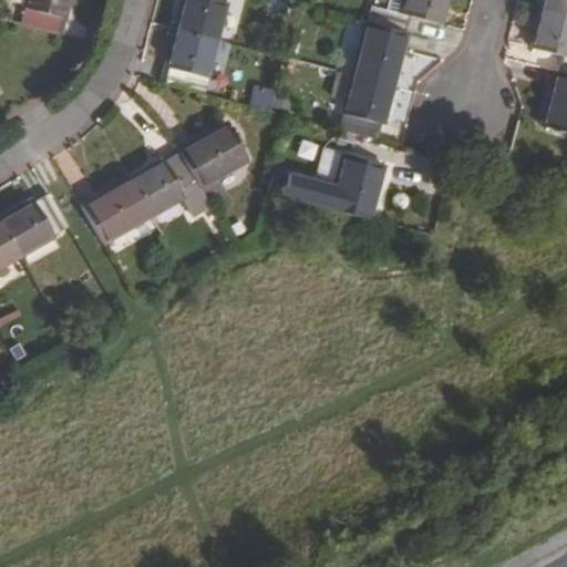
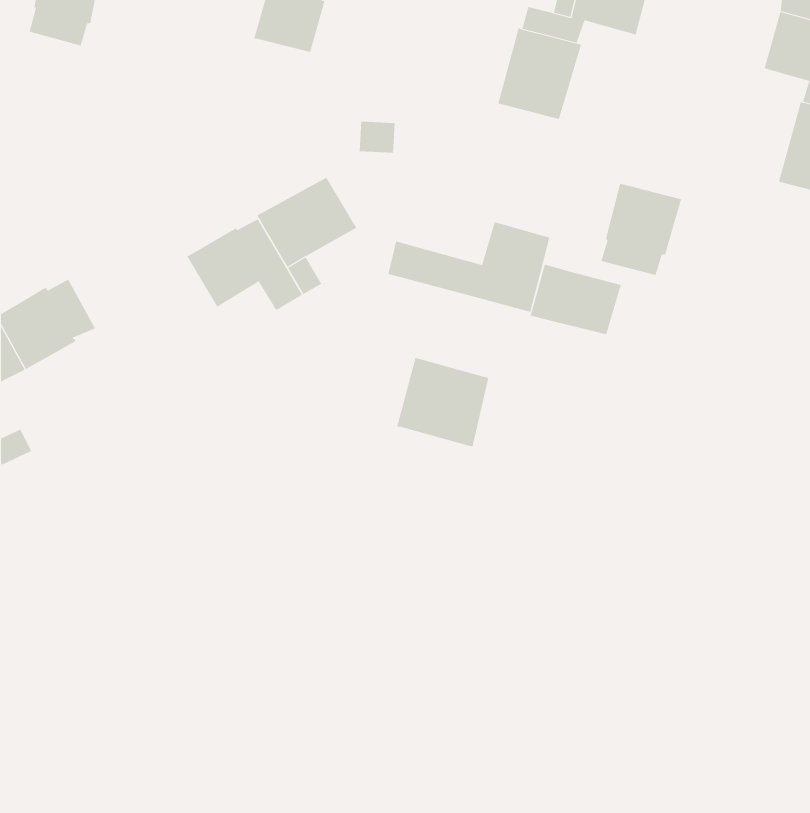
building: [166,27,219,91] -> none
building: [336,72,392,136] -> [600,183,682,276]
building: [84,178,154,240] -> none
building: none -> [530,264,621,335]
building: none -> [397,357,489,447]

